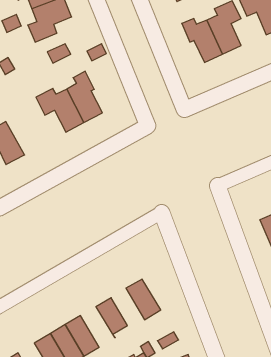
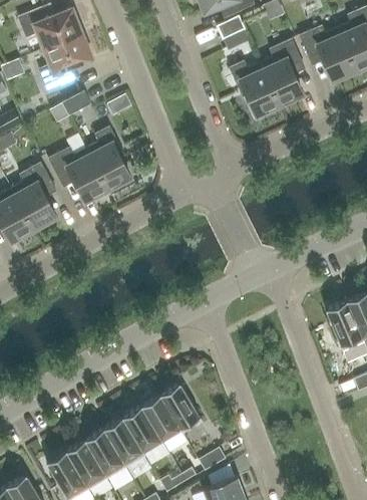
building: none -> [11,163,56,230]
building: none -> [141,395,182,441]
building: none -> [103,418,145,468]

